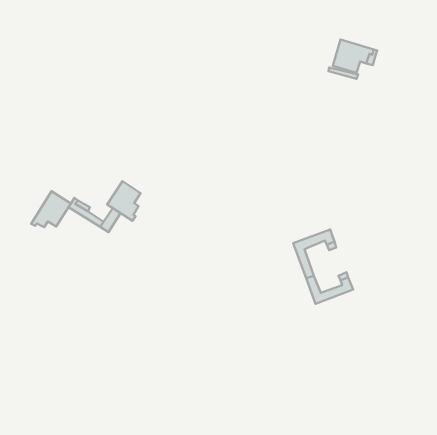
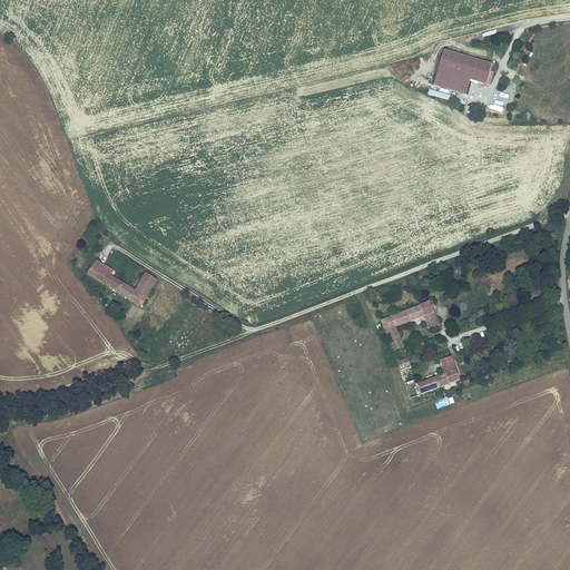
building: [107,181,141,221] -> none
building: [31,191,71,227] -> none

